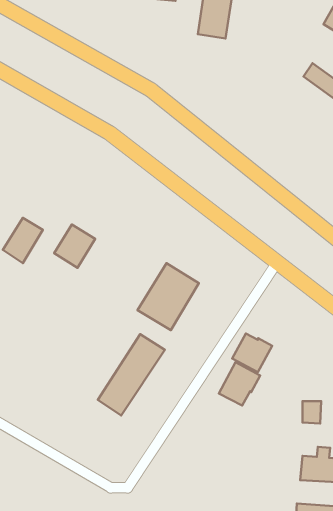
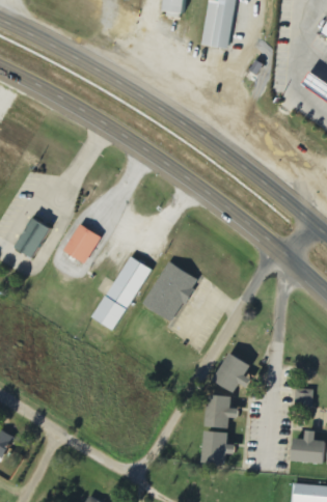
building: [232,334,272,372] -> none
building: [98,334,165,415] -> [91,255,154,331]
building: none -> [208,394,237,428]
building: none -> [202,430,231,466]

